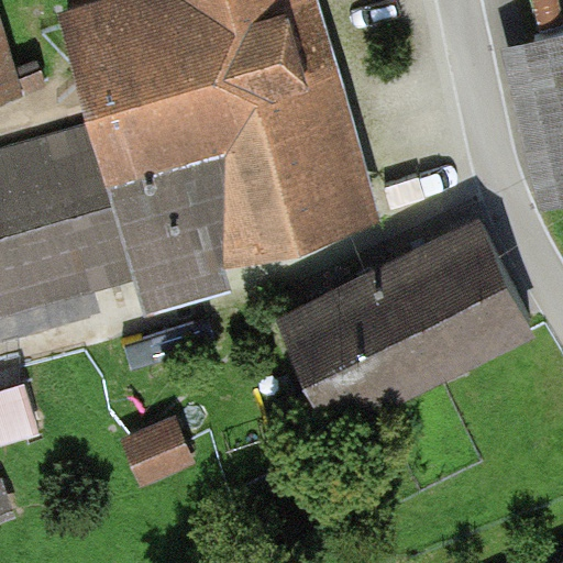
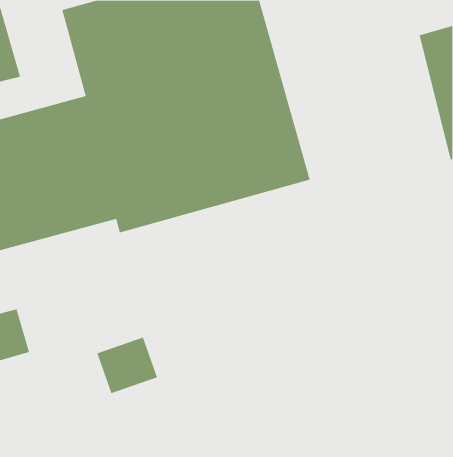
building: [282,225,526,421] -> none

